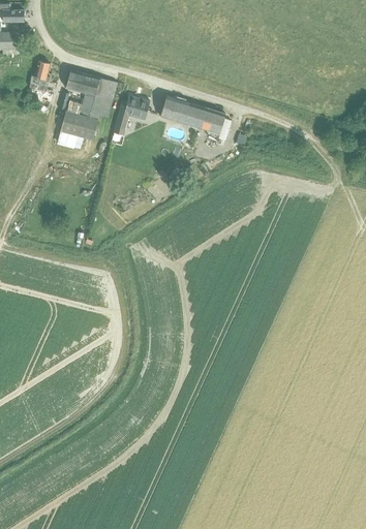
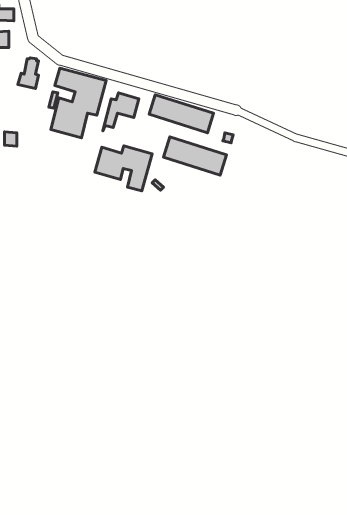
building: none -> [163,137,227,175]
building: none -> [95,146,152,191]

